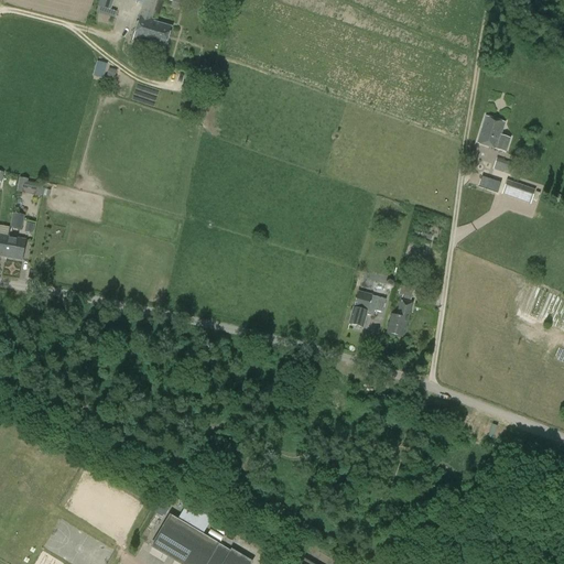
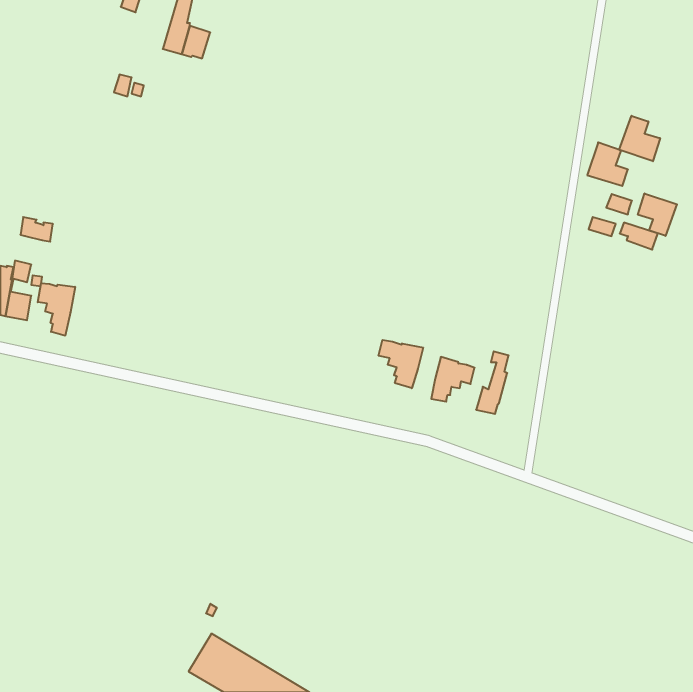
building: none -> [619,116,660,161]
building: none -> [638,193,677,236]
building: none -> [38,283,75,336]
building: none -> [379,340,423,388]

